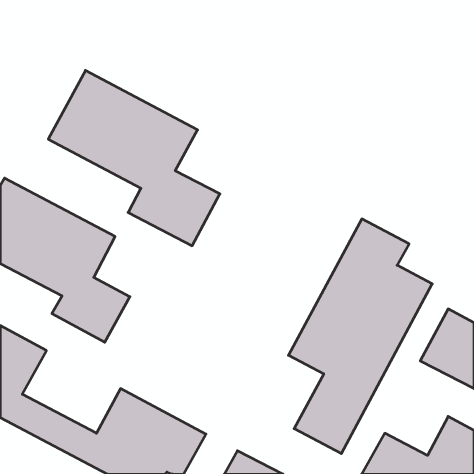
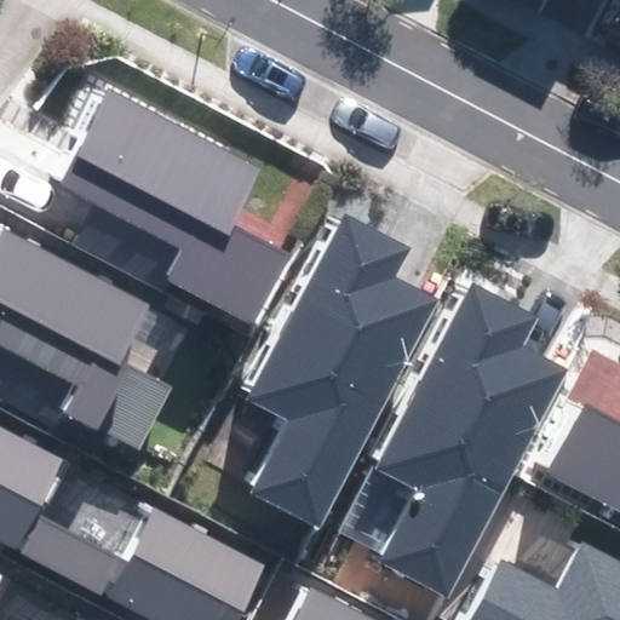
building: none -> [249,217,437,523]

